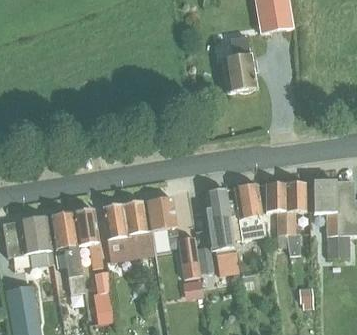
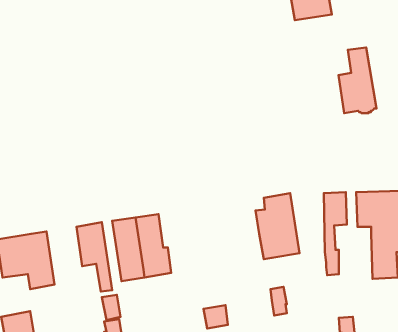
building: [223,36,256,93] -> [338,47,377,113]
building: [266,184,288,247] -> none
building: [205,189,239,276] -> none
building: [146,198,178,237] -> none
building: [50,213,84,294] -> none
building: [178,238,200,280] -> none

